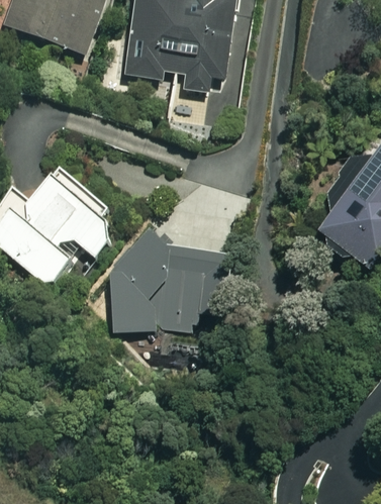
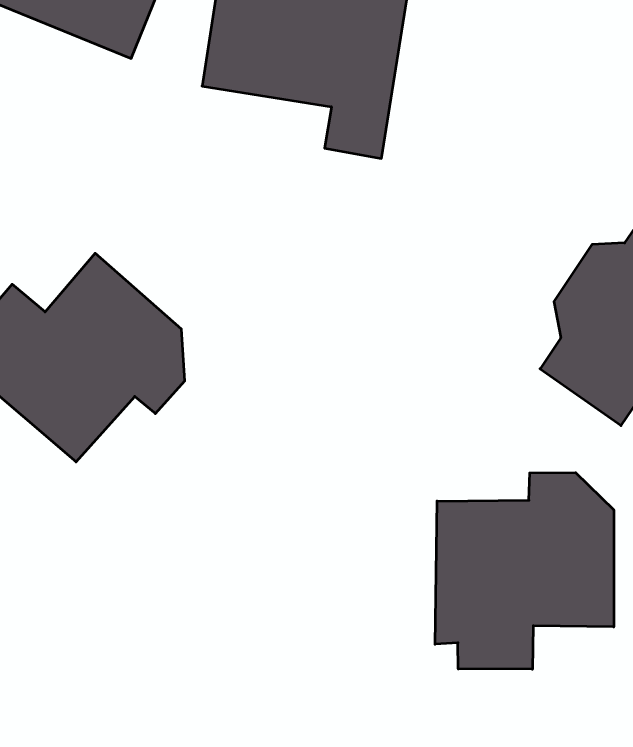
building: [109,242,227,326] -> none
building: none -> [435,473,614,669]

